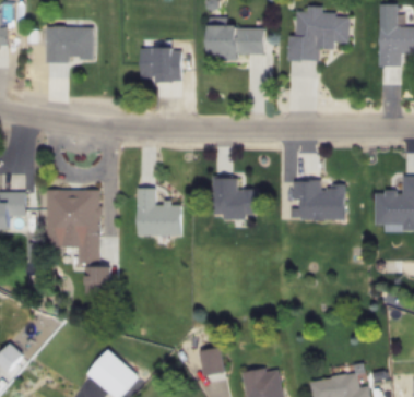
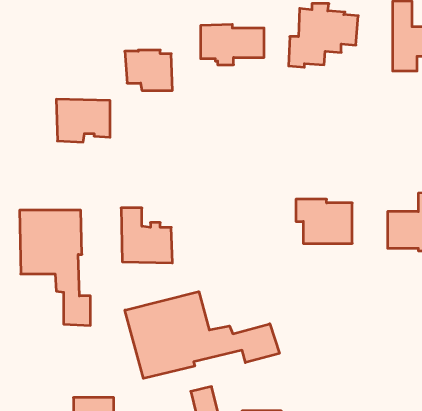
building: [45,26,93,64] -> [56,99,110,142]
building: [212,177,253,216] -> none
building: none -> [125,292,279,378]

